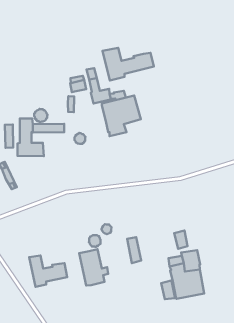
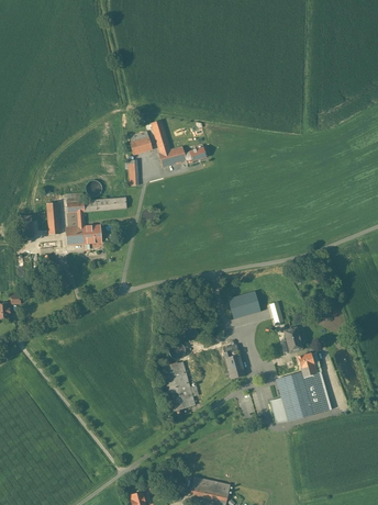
building: [102,48,154,80] -> none
building: [102,96,141,136] -> none
building: none -> [227,291,259,318]
building: [29,256,67,287] -> none

